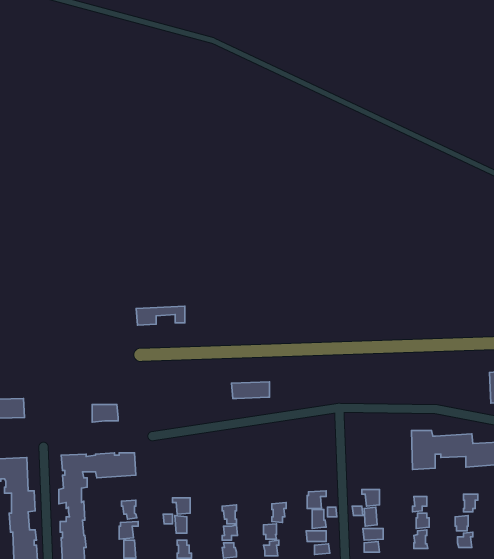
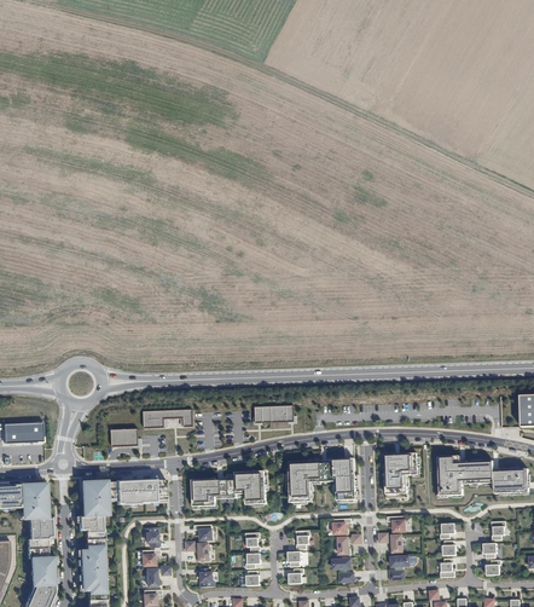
building: [136,306,185,325] -> [144,410,193,429]
building: none -> [384,452,418,498]
building: none -> [289,458,356,503]
building: none -> [193,472,267,507]

